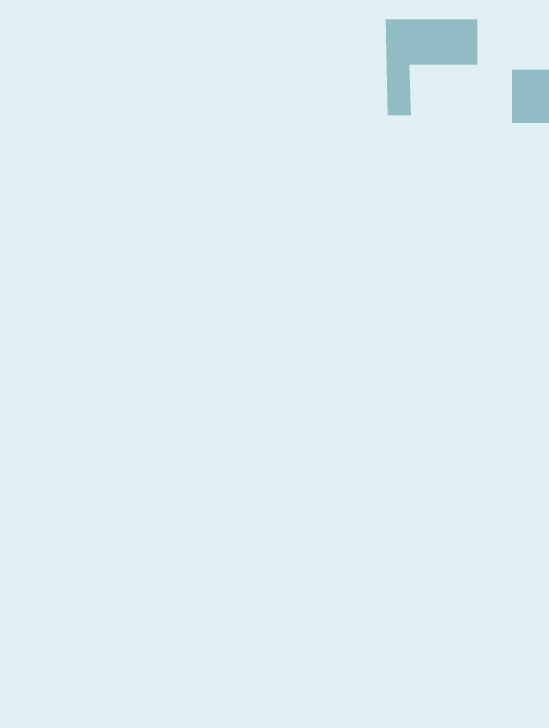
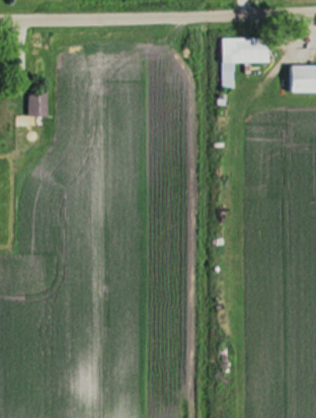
building: none -> [28,92,48,116]

